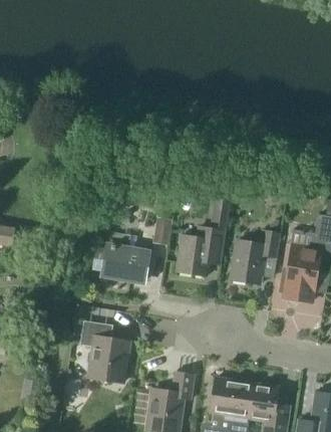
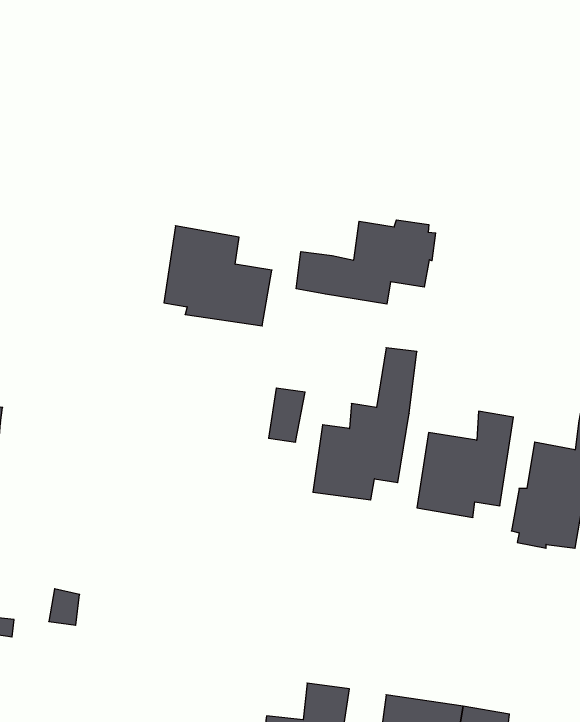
building: none -> [296,220,436,304]
building: [92,229,148,281] -> [164,226,272,326]
building: [80,320,129,384] -> none

